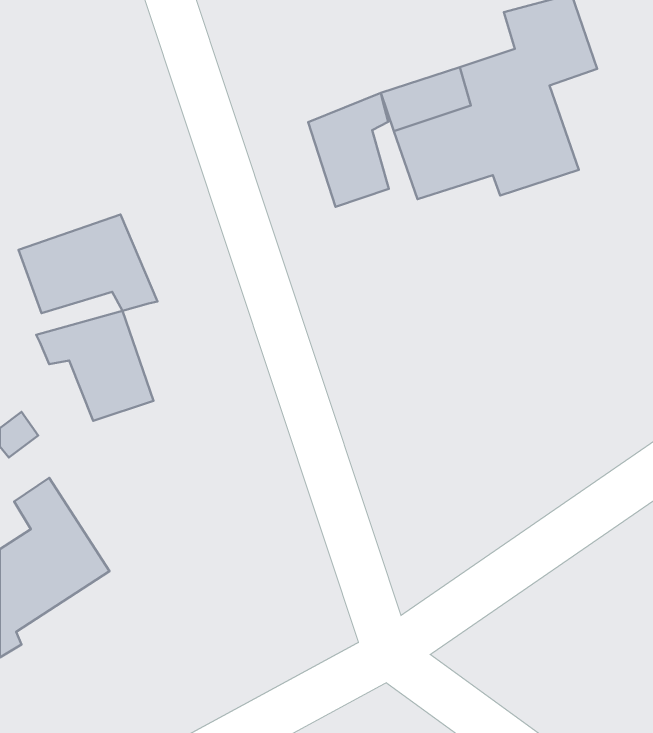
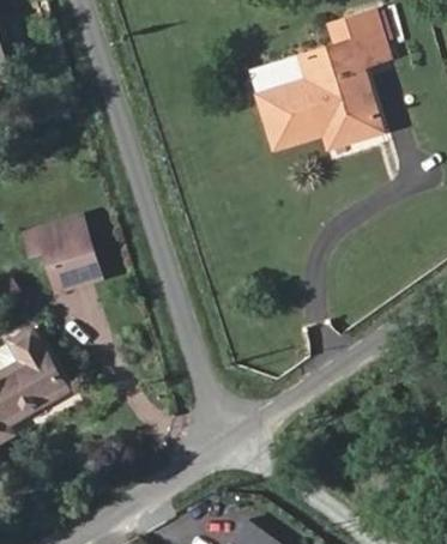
building: [308,93,389,207] -> none
building: [19,215,158,313] -> none

